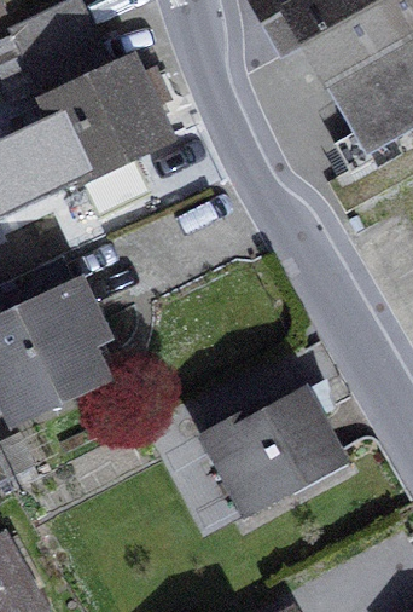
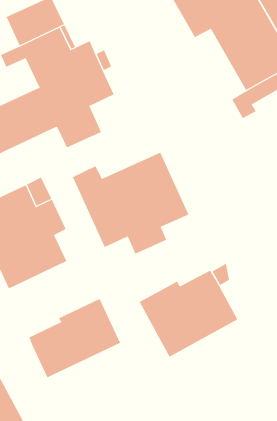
building: none -> [72,152,189,254]
building: none -> [29,298,121,378]

